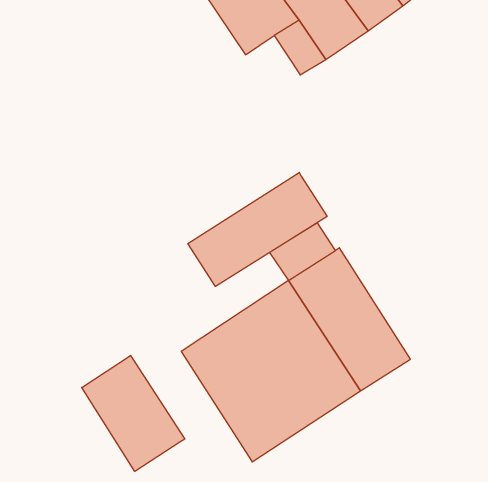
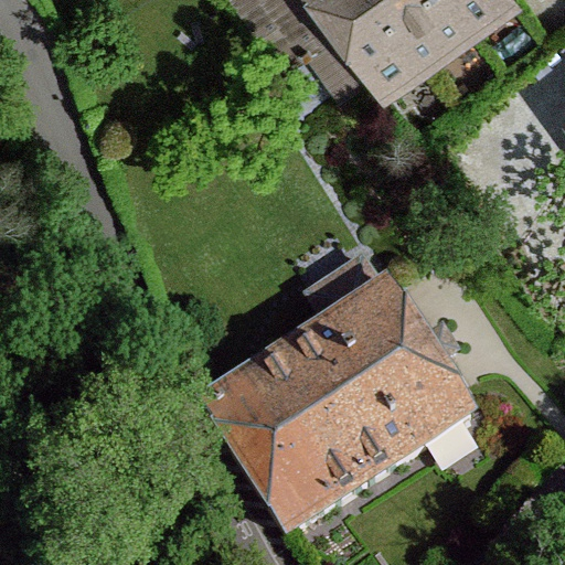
building: [188,172,327,286] -> none
building: [82,355,185,471] -> none

